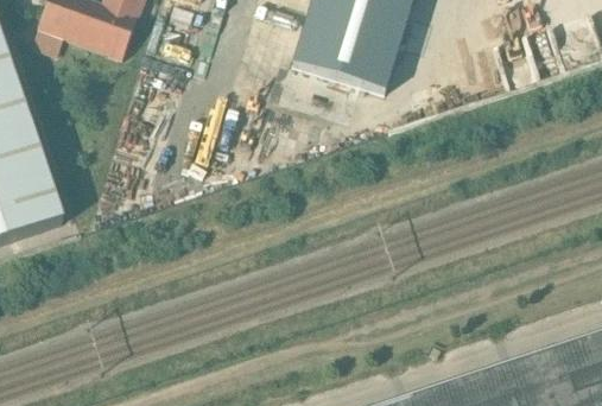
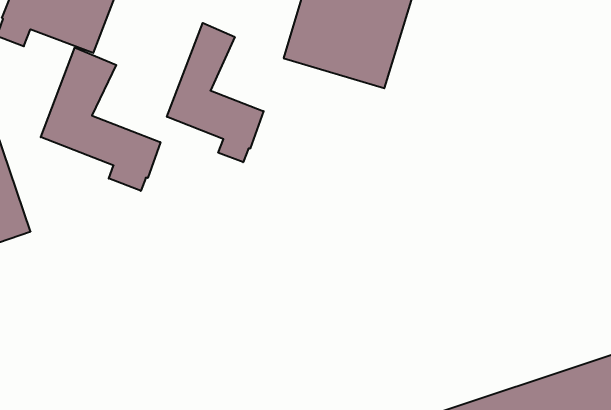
building: none -> [167,23,264,162]
building: none -> [41,47,160,191]

